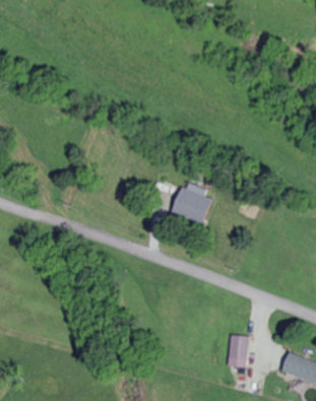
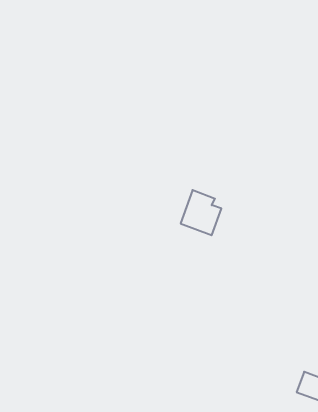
building: [228,335,249,369] -> none

